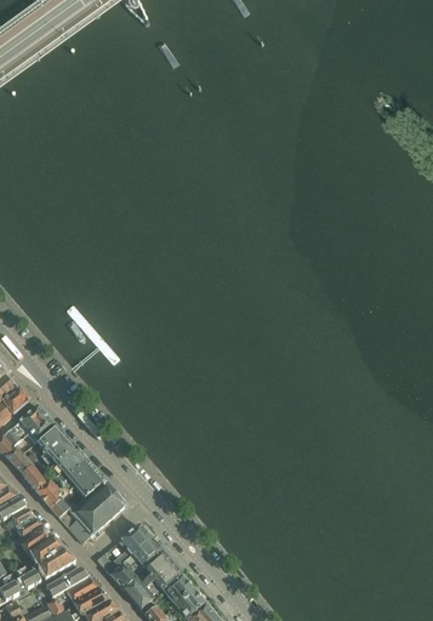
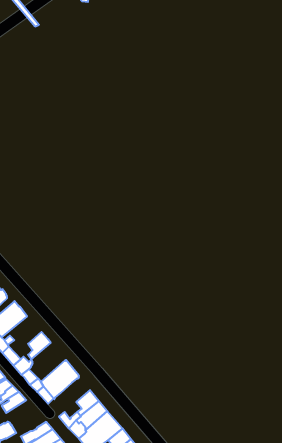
building: [38,426,74,466] -> none
building: [61,460,103,496] -> none
building: [29,536,75,577] -> none

